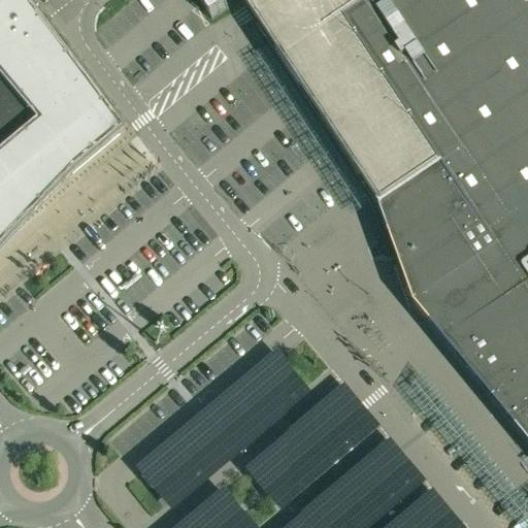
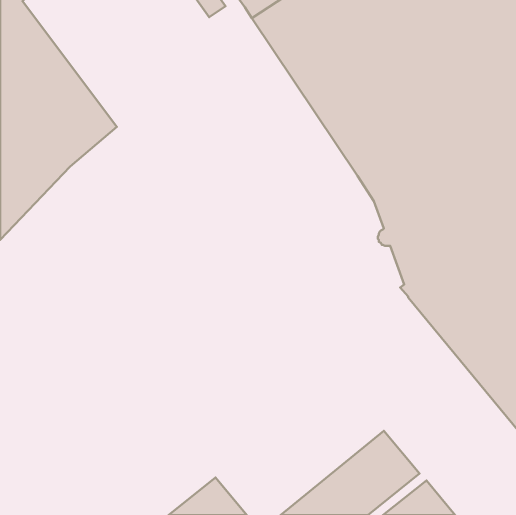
building: [134,348,312,509] -> none
building: [243,382,383,510] -> none

